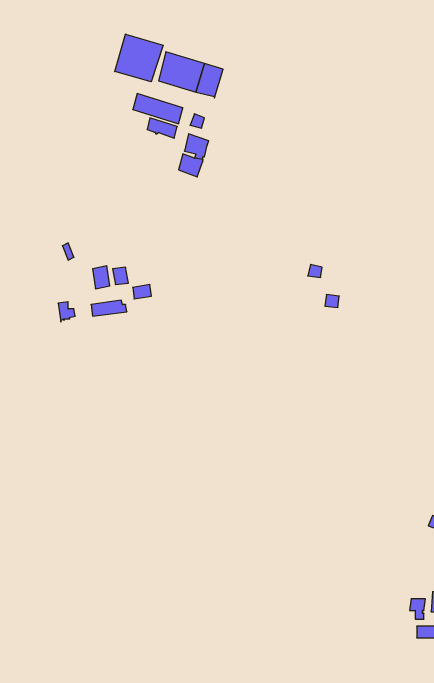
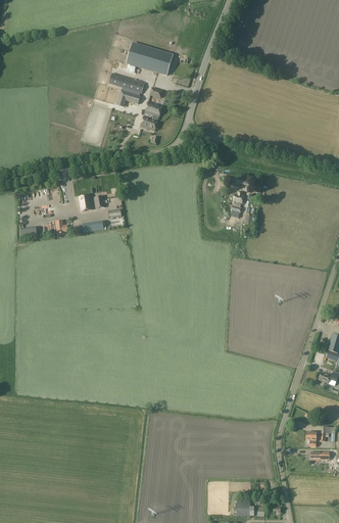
building: [115,34,163,82] -> none

